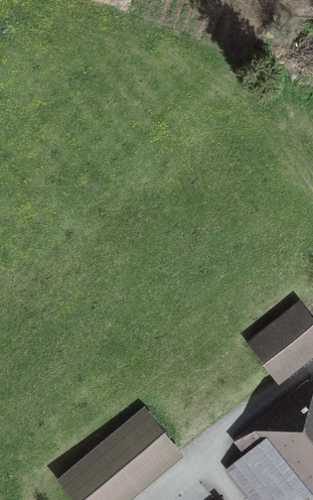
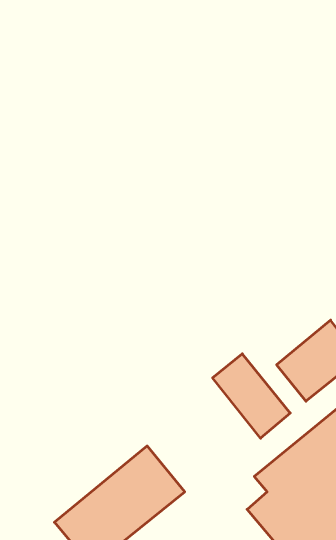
building: none -> [213,354,290,438]

